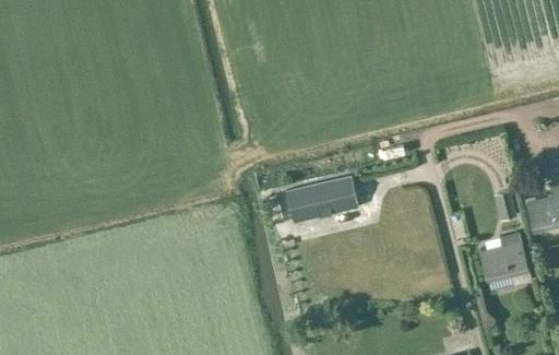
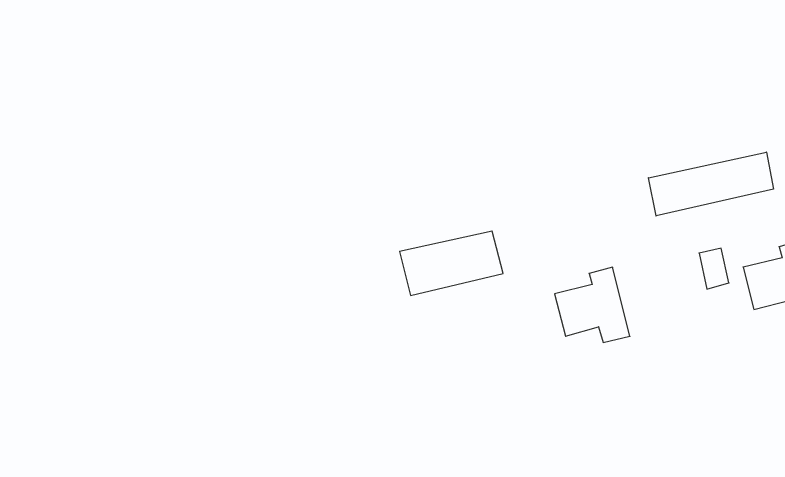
building: none -> [648,152,773,216]
building: [478,233,531,285] -> [555,267,630,342]

